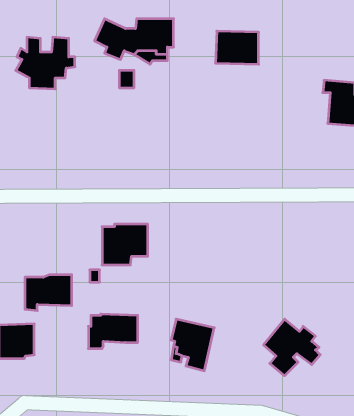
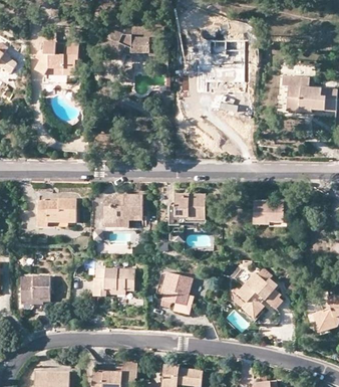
building: none -> [177,196,207,221]
building: none -> [253,200,283,224]
building: [25,275,72,311] -> [37,198,75,227]

